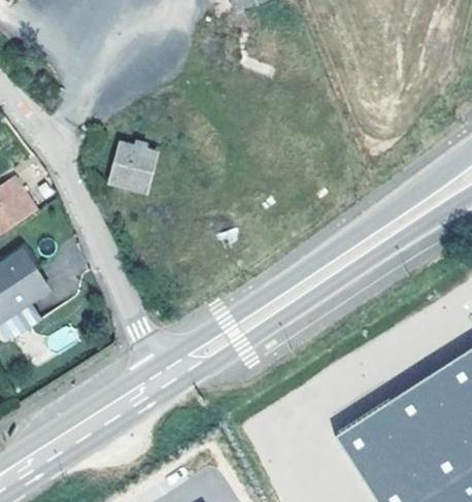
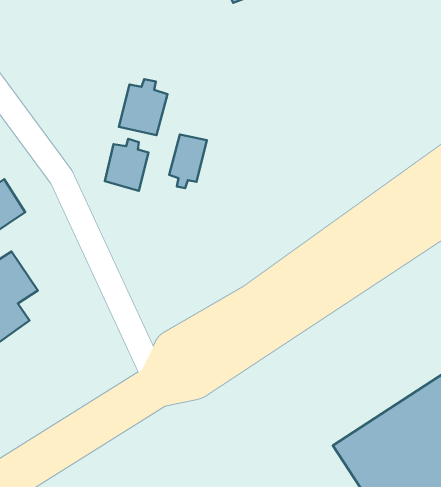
building: none -> [119,79,167,135]
building: none -> [169,135,207,188]

